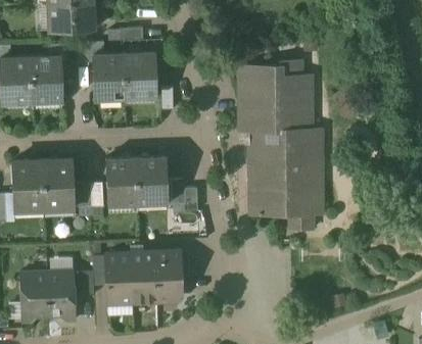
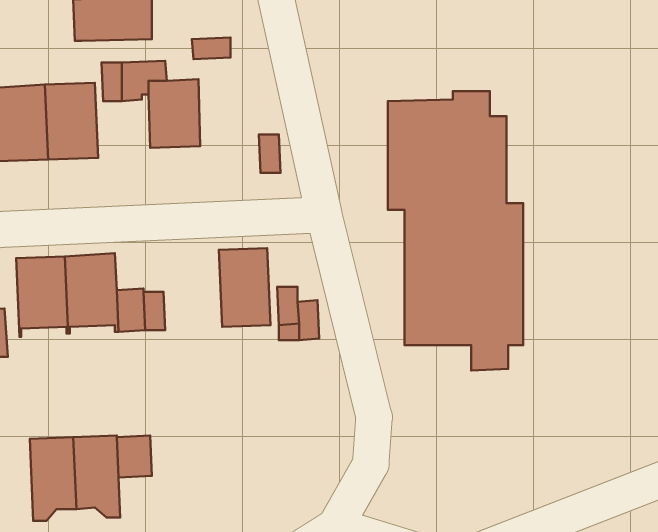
building: [124,52,156,94] -> none
building: [105,157,138,206] -> none
building: [105,252,182,303] -> none

